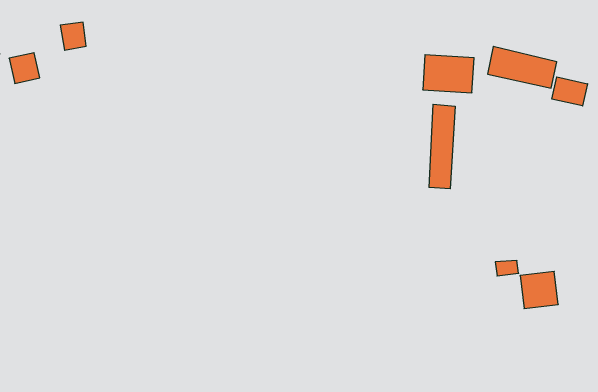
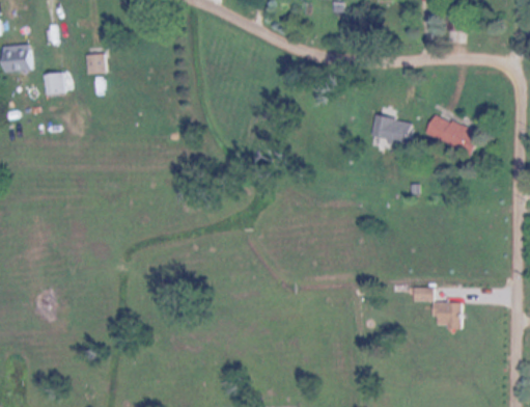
building: [552,77,588,106] -> none
building: [429,104,455,189] -> none

